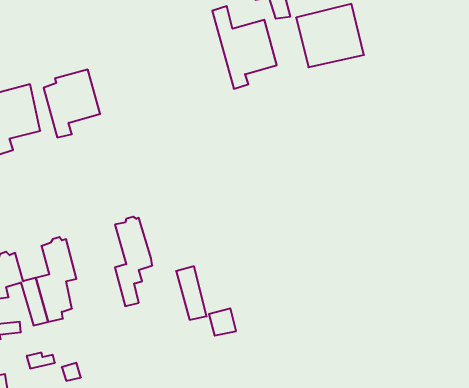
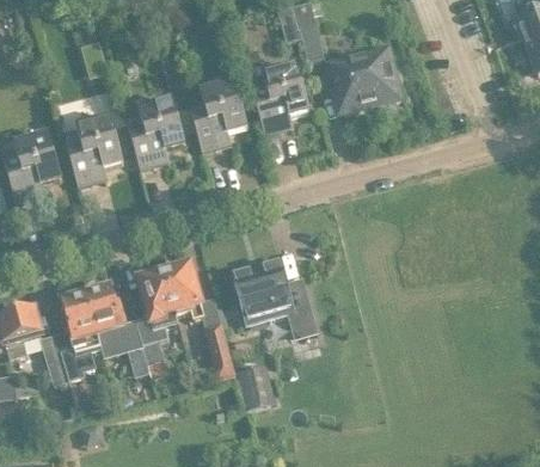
building: none -> [186,79,247,152]
building: none -> [124,96,185,170]
building: none -> [232,259,317,337]
building: none -> [164,265,204,320]
building: none -> [87,287,151,376]

